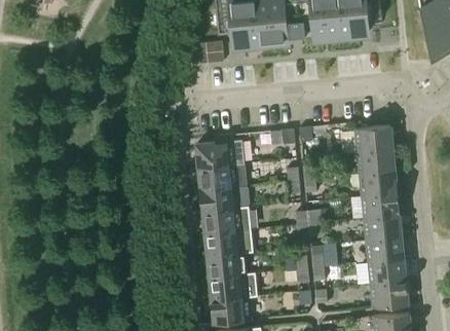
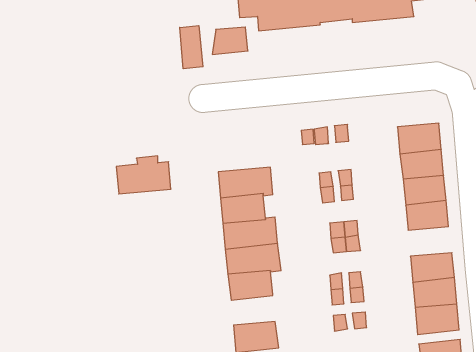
building: none -> [180,26,203,69]
building: [197,136,245,169] -> [116,156,171,194]
building: [364,216,402,242] -> none
building: [211,273,258,301] -> none

